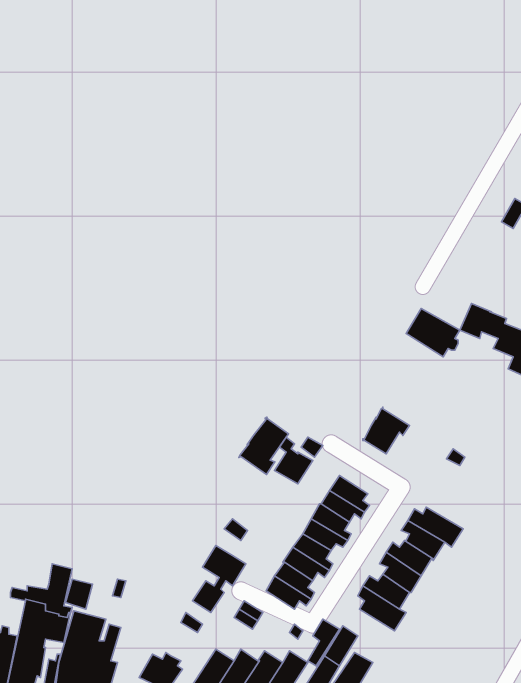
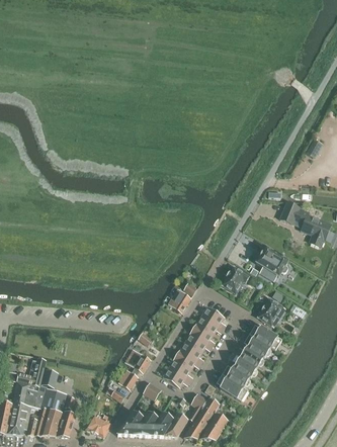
building: [406,309,460,357] -> [256,247,288,276]
building: [239,417,288,474] -> none
building: none -> [257,297,283,327]

